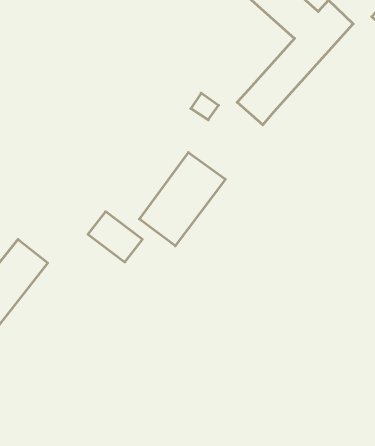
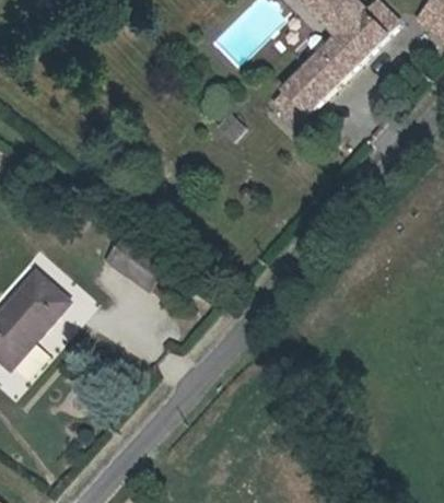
building: [139,152,225,246] -> none

